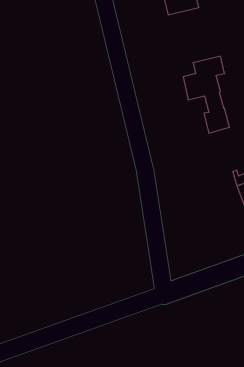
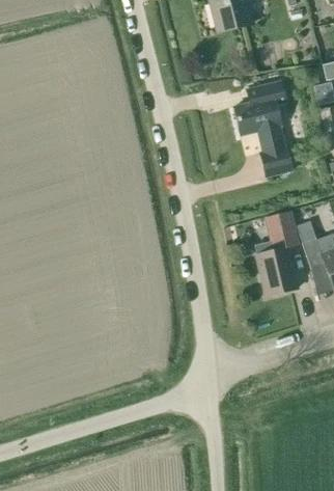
building: none -> [256,210,299,295]

